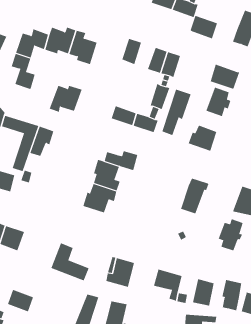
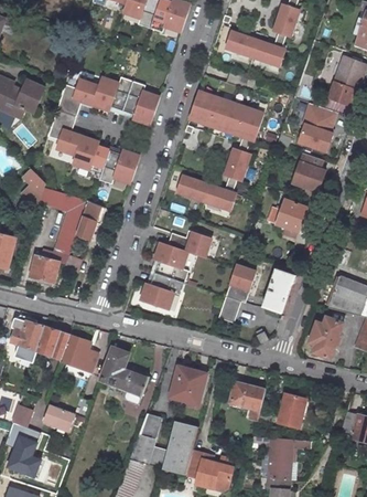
building: [190,15,218,39] -> [304,104,339,134]
building: none -> [205,97,230,130]
building: none -> [72,137,109,180]
building: [161,89,192,136] -> [218,264,256,322]
building: none -> [60,334,98,371]
building: [222,279,242,311] -> none

